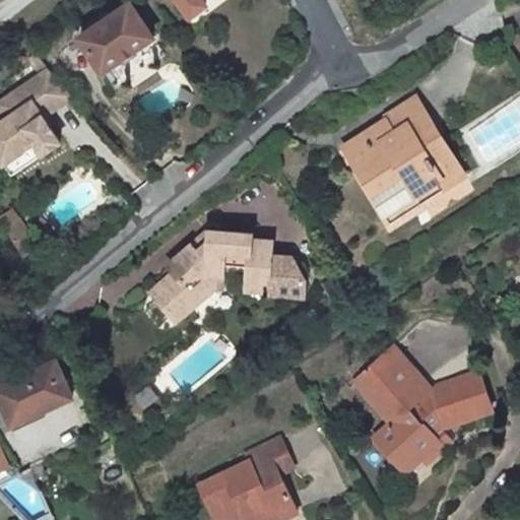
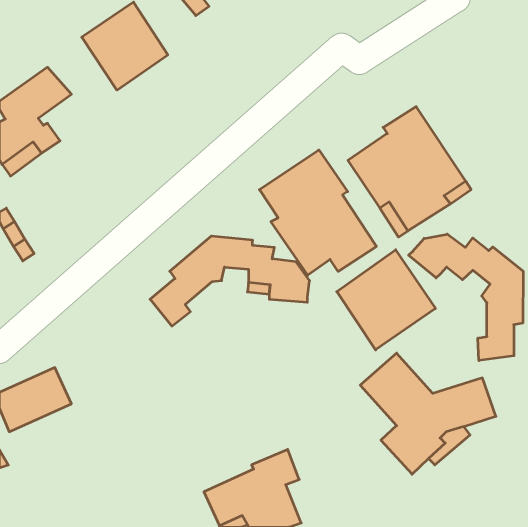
building: none -> [259,150,376,275]
building: none -> [409,234,523,361]
building: none -> [337,250,435,350]

